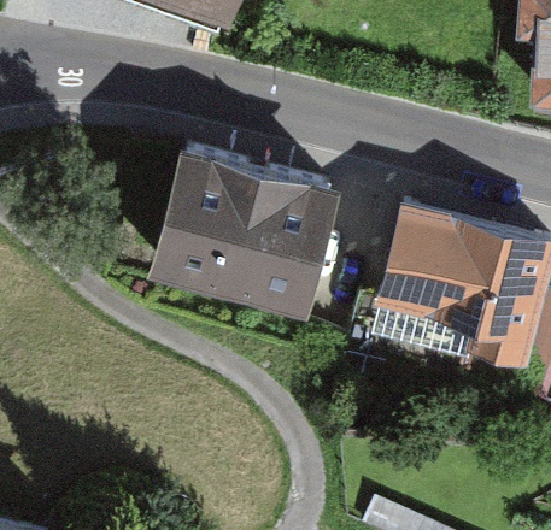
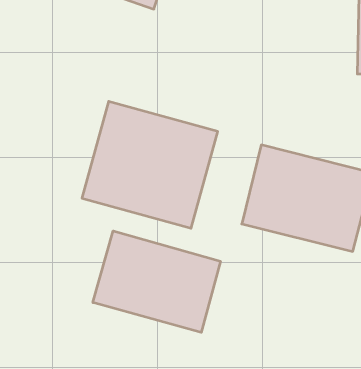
building: none -> [93,231,220,332]

